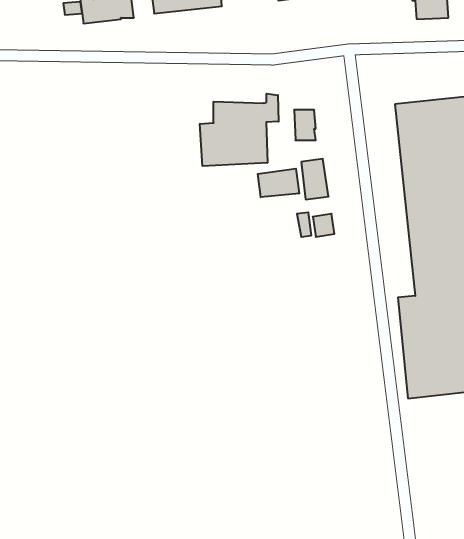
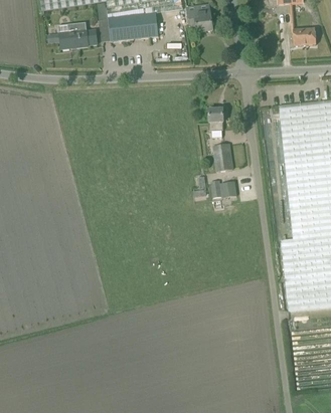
building: [200,94,279,166] -> none
building: [258,169,299,197] -> none

